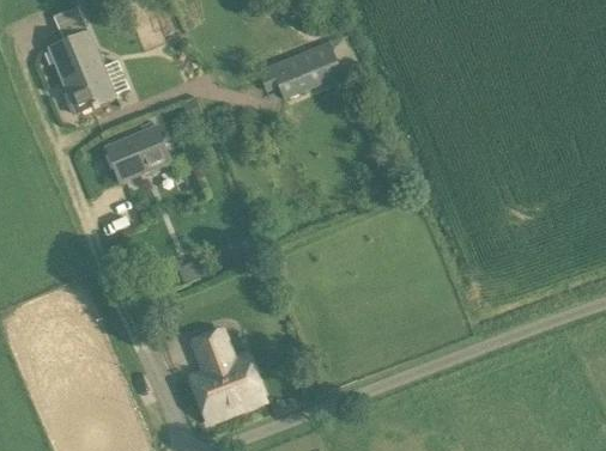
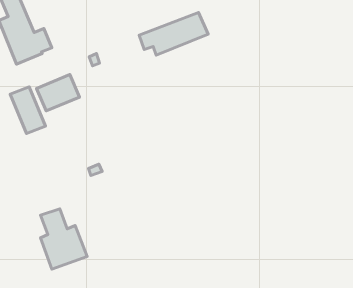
building: none -> [10,87,46,134]
building: [192,333,261,422] -> [40,209,87,269]

